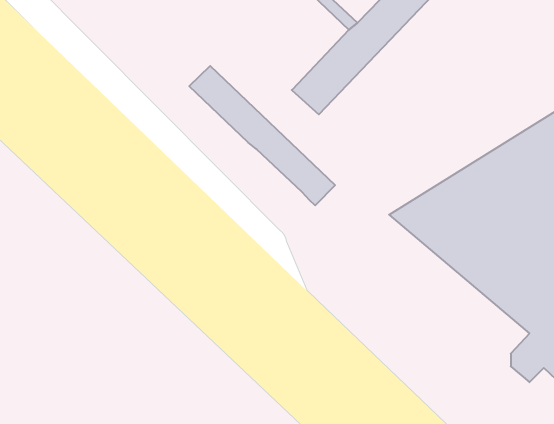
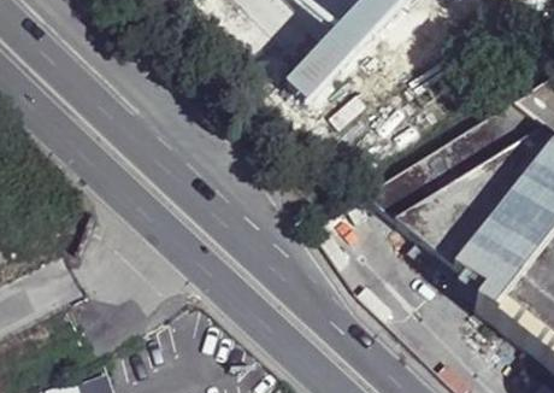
building: [189,66,335,205] -> none

